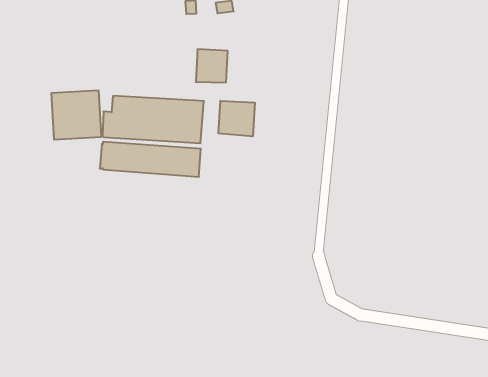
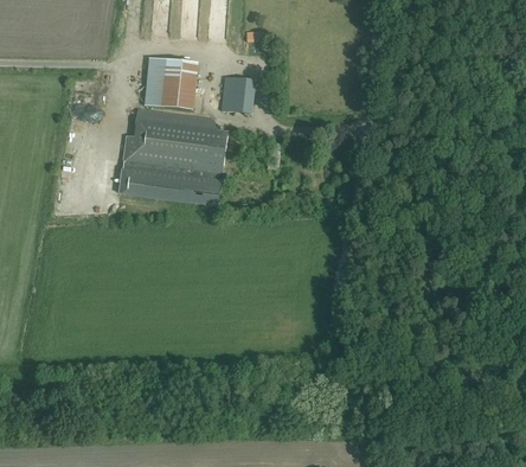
building: [51,91,101,140] -> [147,53,195,101]
building: [219,101,255,136] -> none

